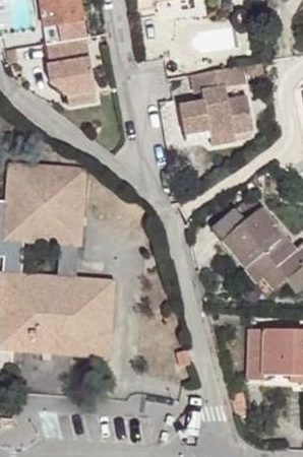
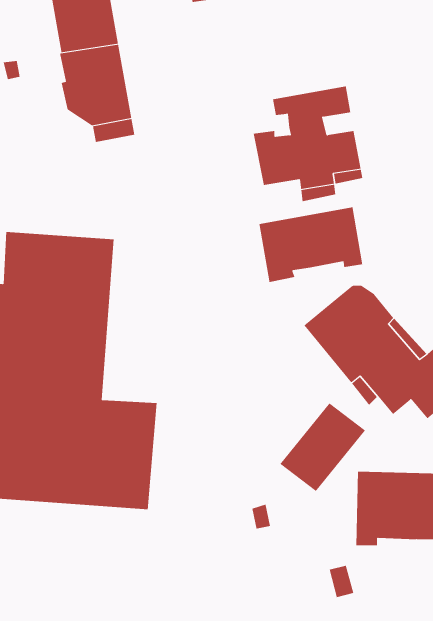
building: none -> [259,207,363,283]
building: none -> [280,402,366,492]

